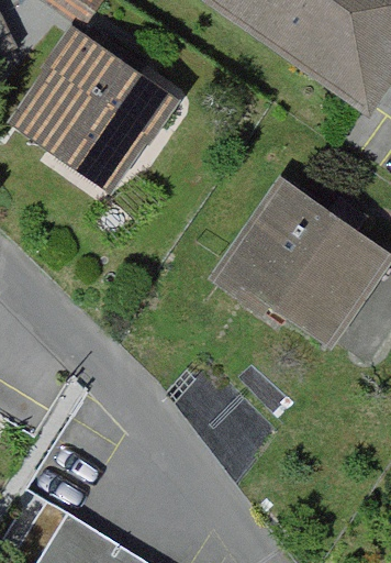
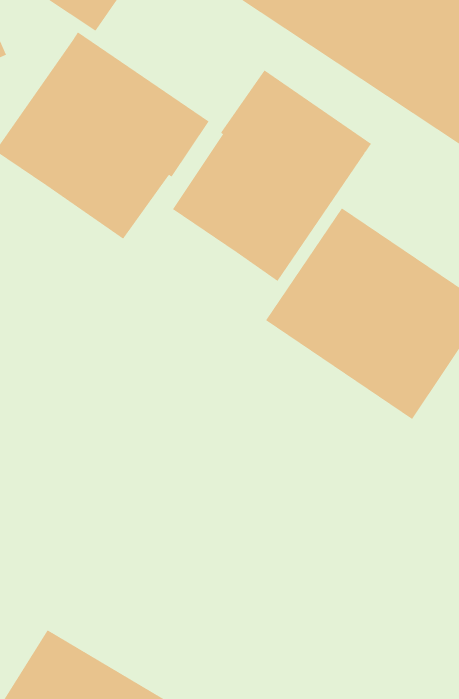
building: none -> [172,69,372,282]

